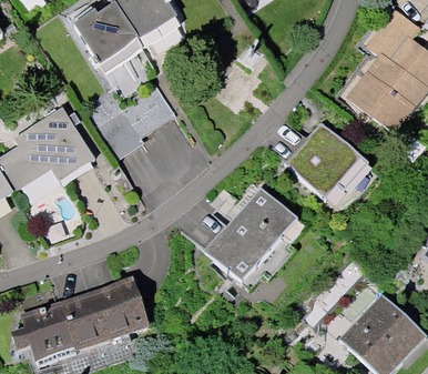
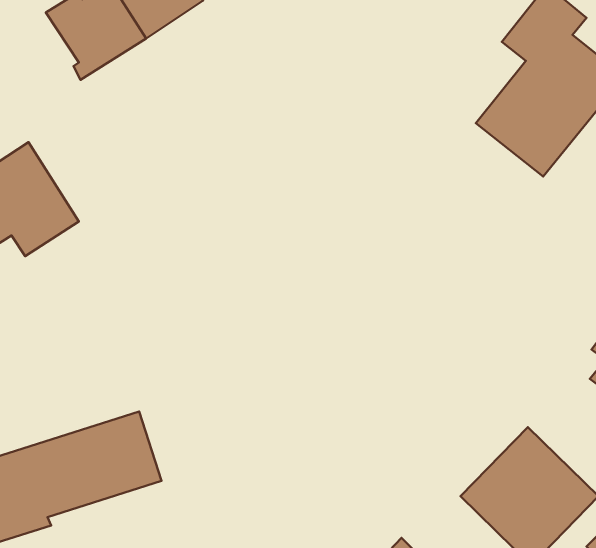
building: [93,82,173,158] -> none
building: [284,123,368,200] -> none
building: [204,188,305,291] -> none

